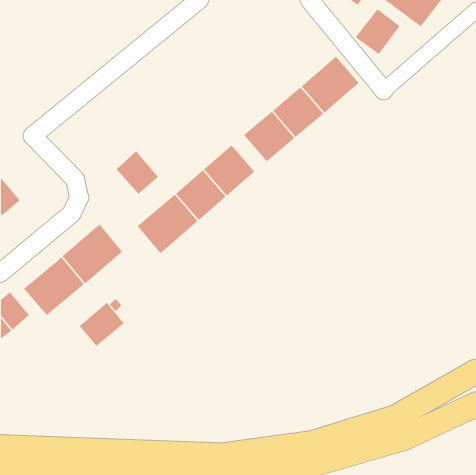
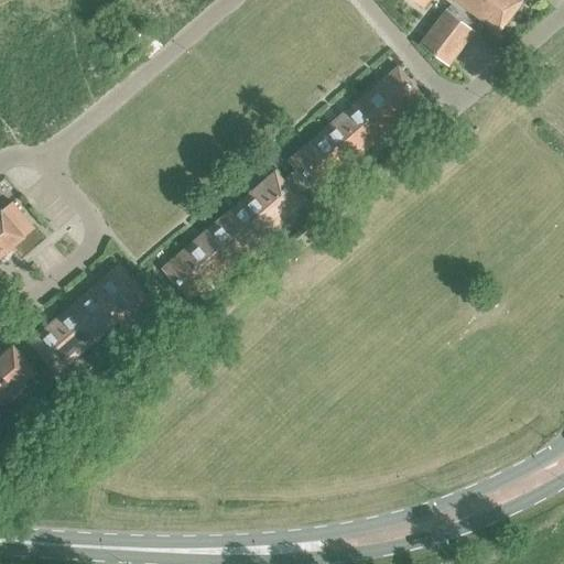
building: [116,150,159,195] -> none
building: [79,302,125,347] -> none

